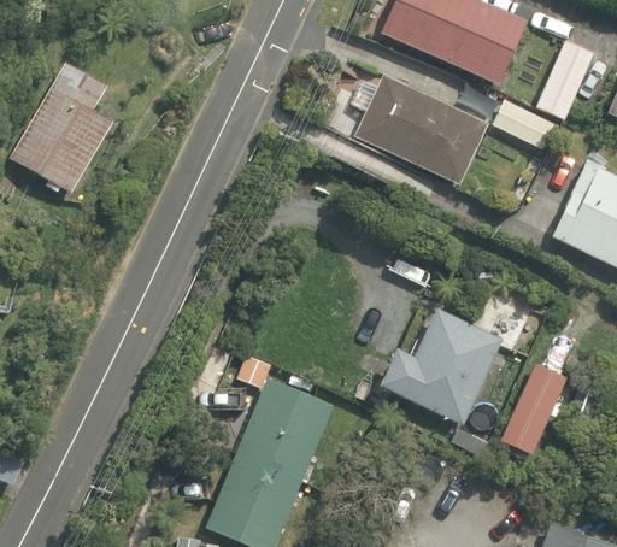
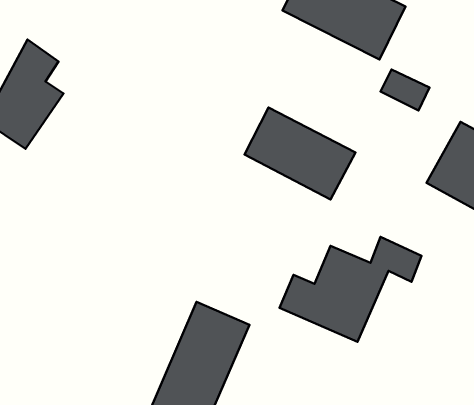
building: [534,37,597,118] -> none
building: [355,75,489,186] -> [244,107,355,199]
building: [498,345,576,454] -> none

